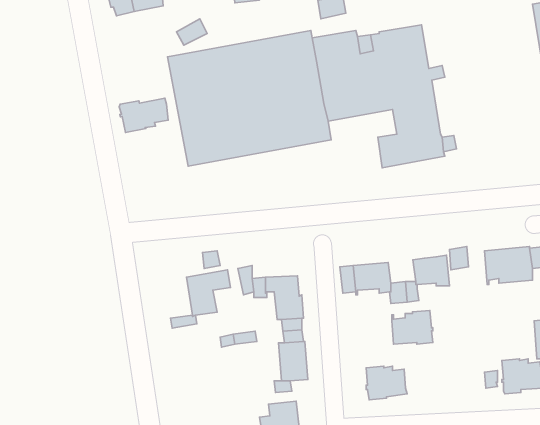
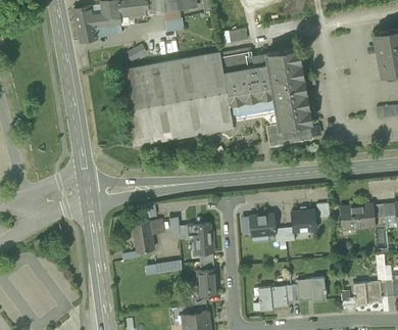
building: [119,98,168,132] -> none
building: [392,310,433,344] -> [297,277,326,300]

